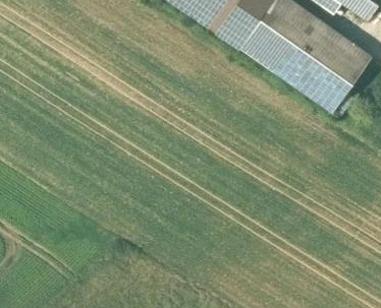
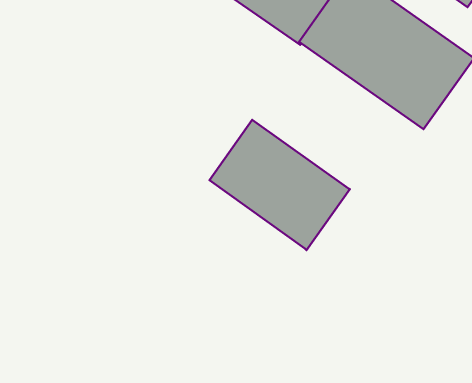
building: none -> [210,120,350,250]

